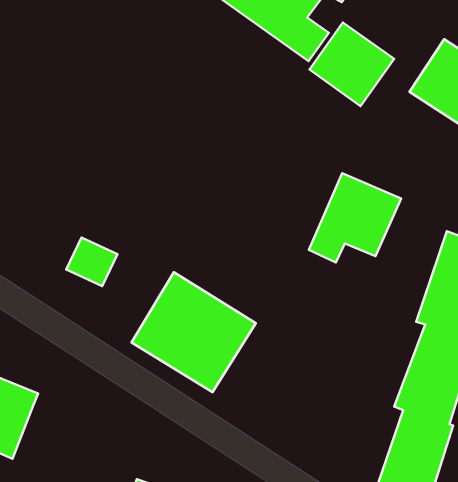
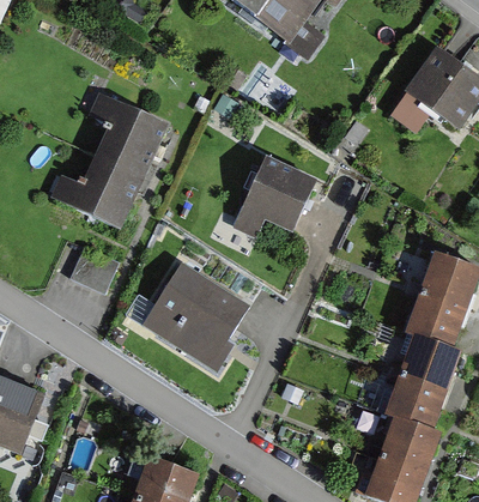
building: [309,22,394,106] -> none
building: none -> [46,95,169,236]
building: [309,173,401,263] -> [231,159,317,243]

